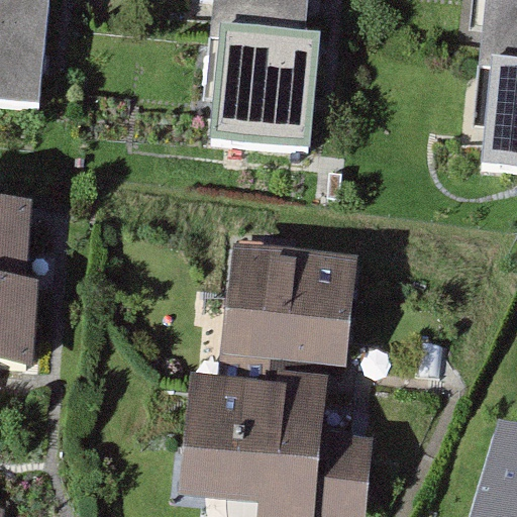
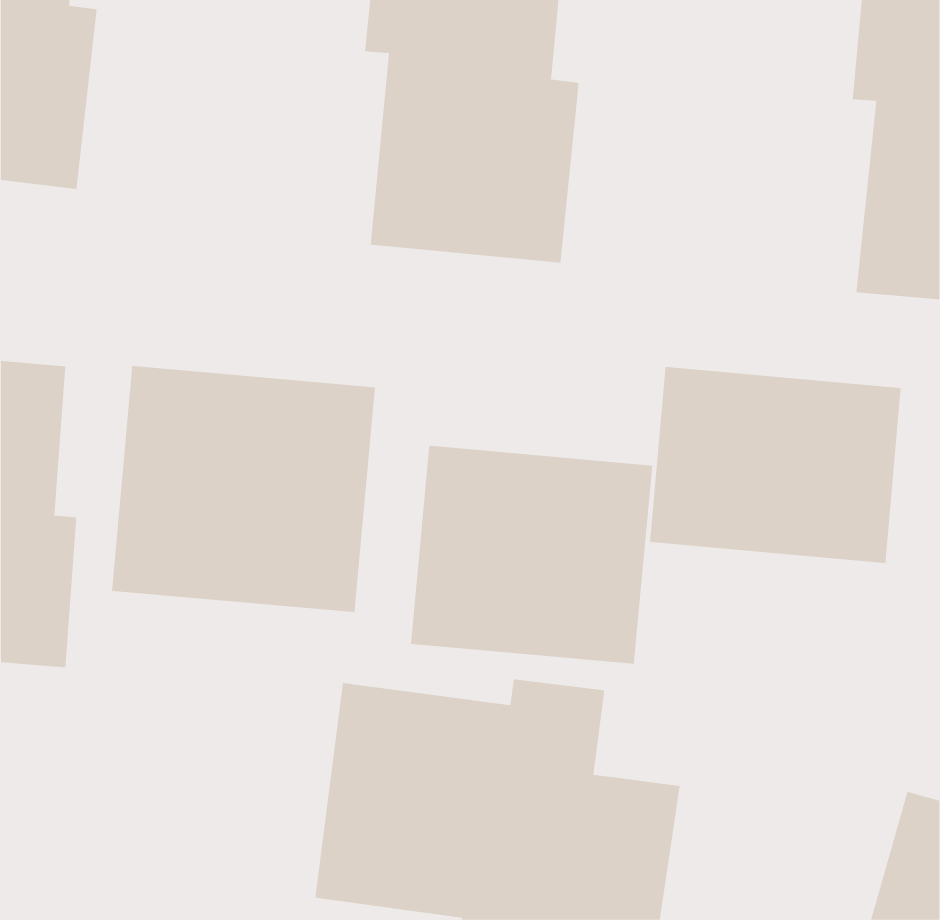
building: none -> [111,365,375,613]
building: none -> [650,366,901,564]

